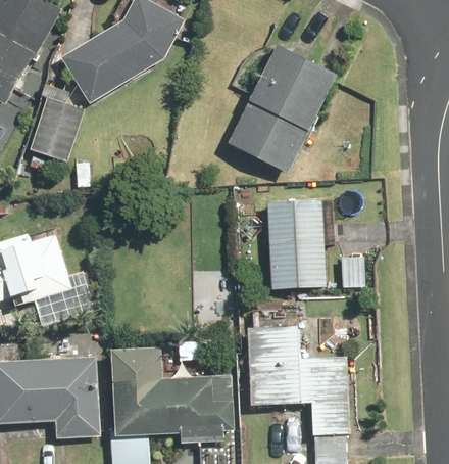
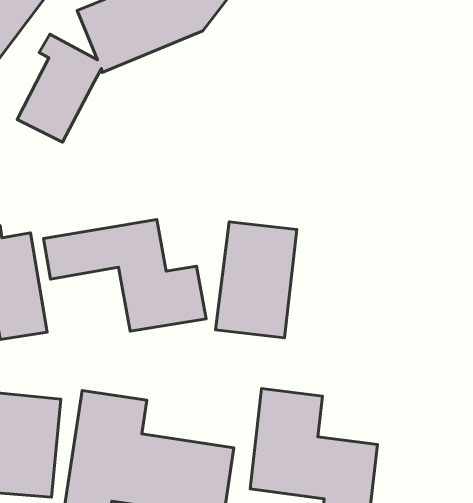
building: [228,46,336,173] -> none
building: [269,200,326,287] -> [215,222,297,338]
building: none -> [44,220,206,331]

